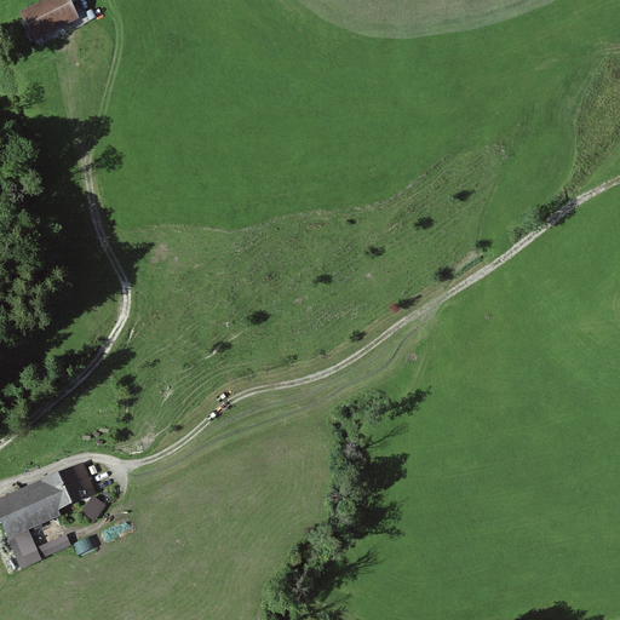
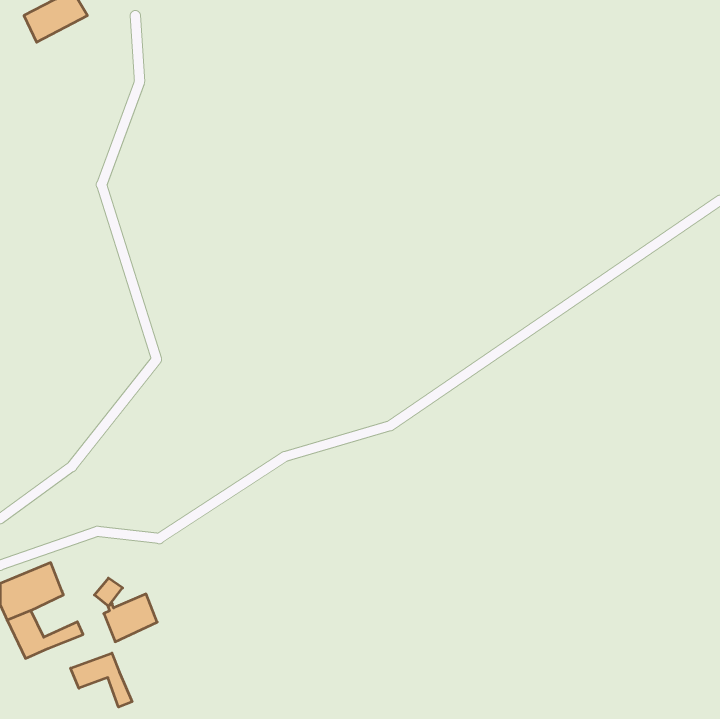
building: [44,466,90,507] -> [104,594,157,642]
building: none -> [71,653,132,707]

